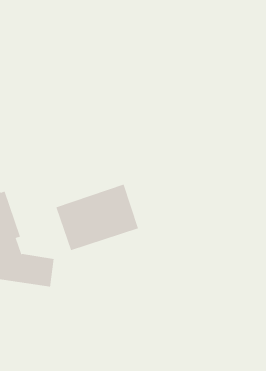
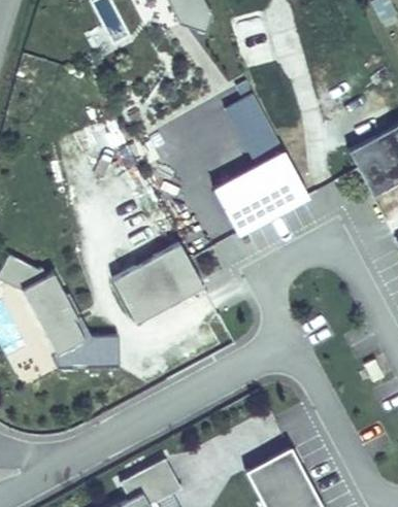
building: none -> [212,149,310,236]

